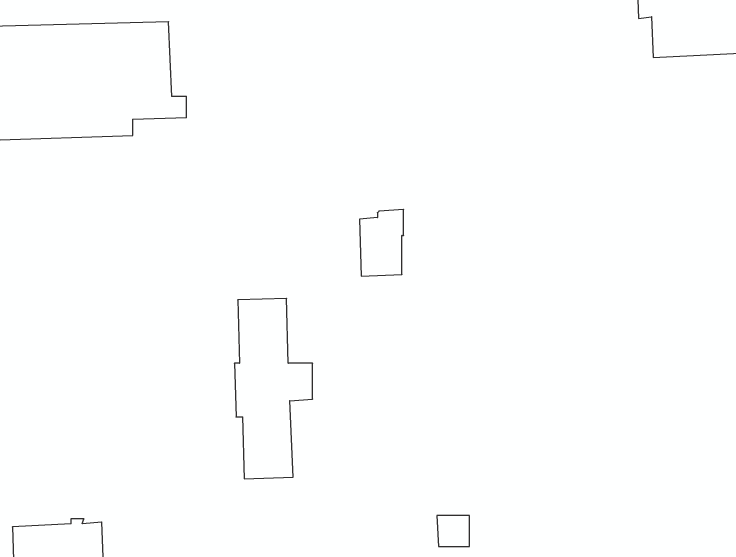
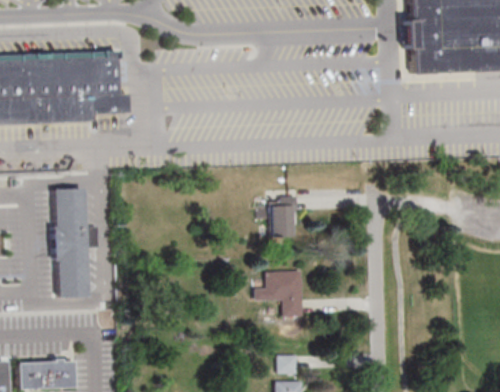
building: [360,209,404,276] -> [270,195,297,236]
building: [234,298,313,479] -> [53,186,101,297]
building: none -> [267,271,304,316]

